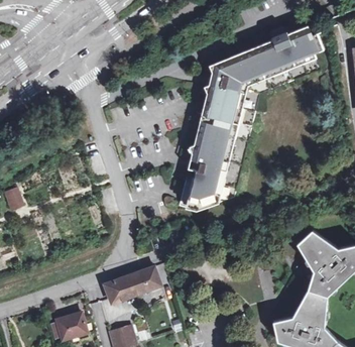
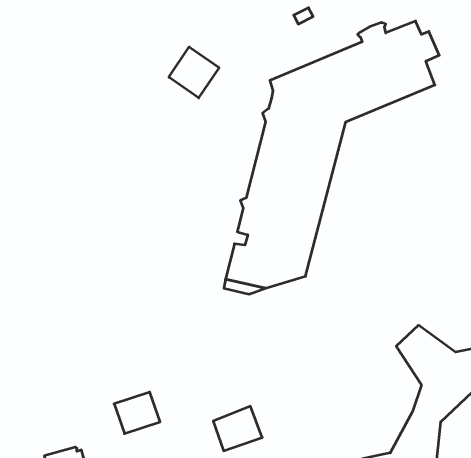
building: none -> [169,47,219,98]
building: [129,265,162,296] -> [213,406,262,451]

